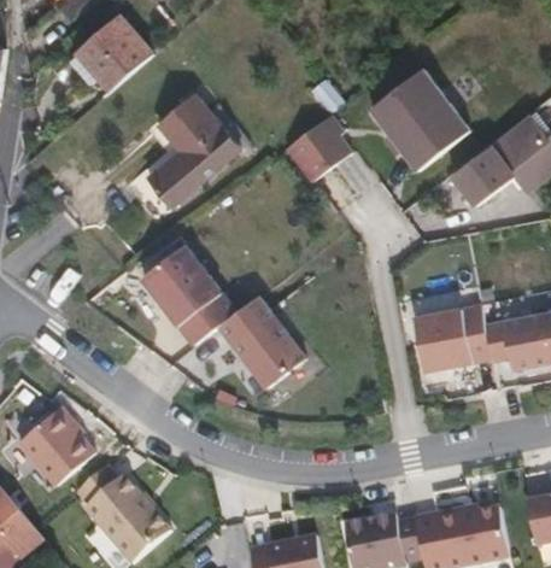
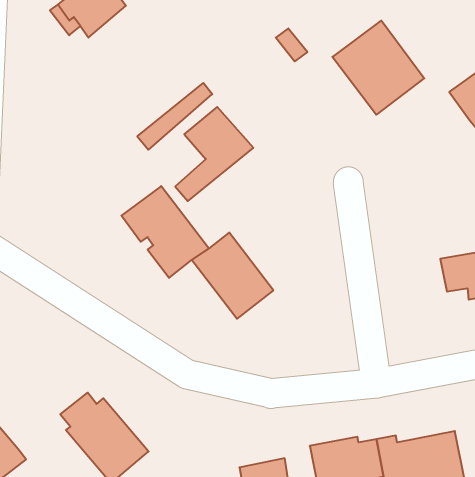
building: [146,93,229,193] -> [175,107,253,201]
building: [287,118,348,178] -> none
building: [451,146,512,206] -> none
building: [415,304,488,369] -> none
building: [19,408,94,485] -> none

